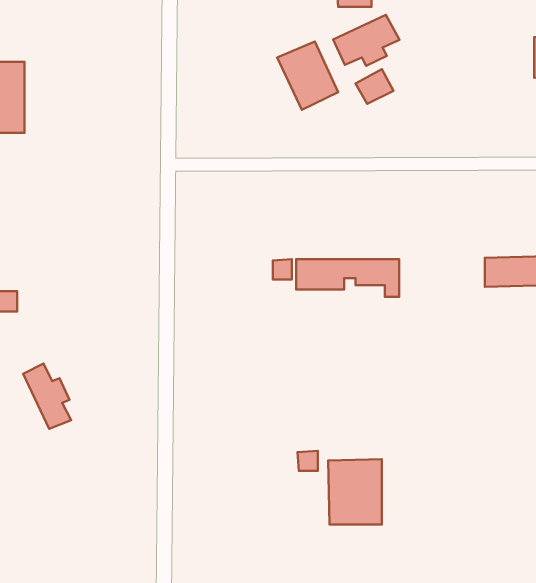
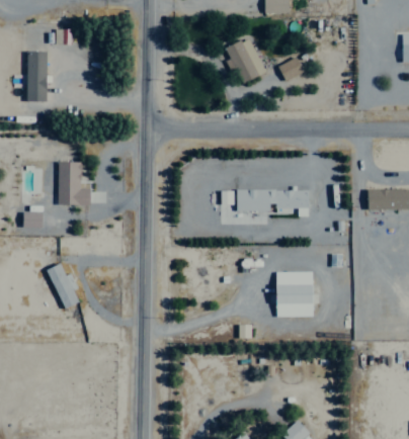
building: [333,15,399,66] -> none
building: none -> [58,161,91,204]
building: [328,459,382,524] -> [276,270,314,316]

